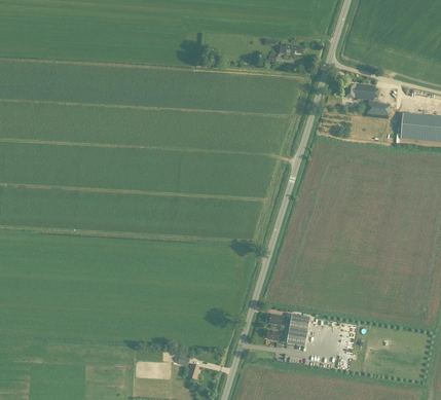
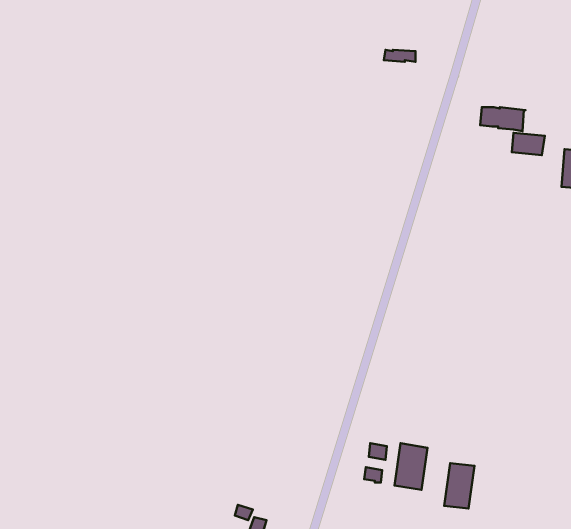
building: none -> [444,463,475,509]

